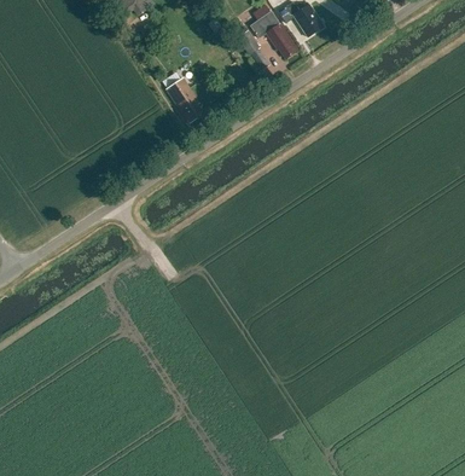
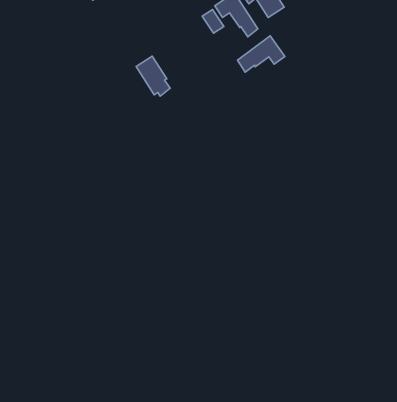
building: none -> [238,36,285,72]

